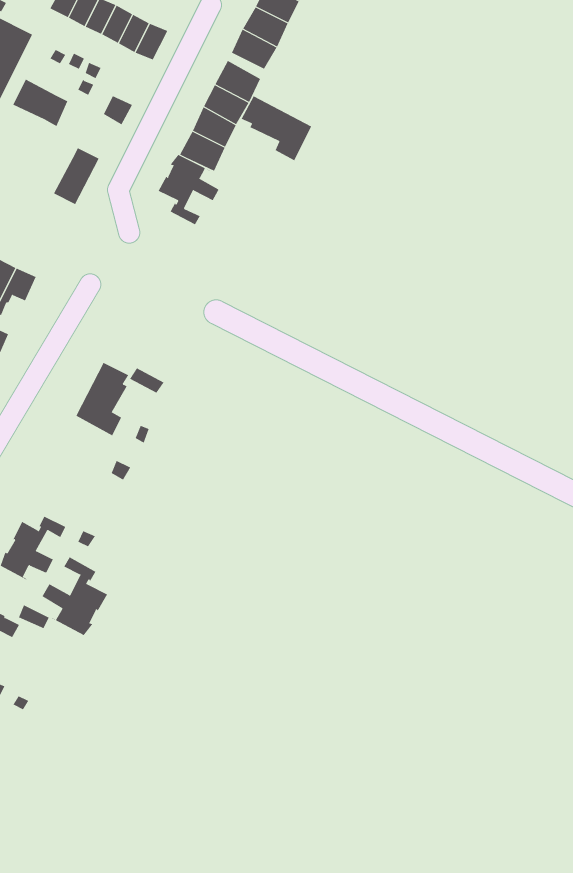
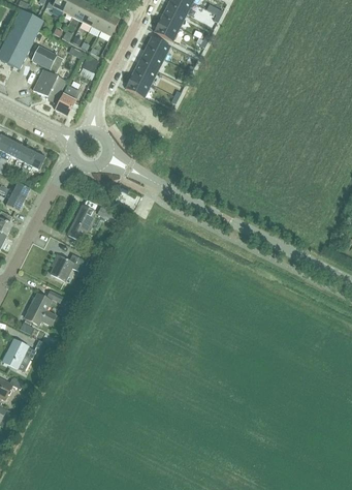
building: [241,96,312,161] -> none
building: none -> [33,68,65,102]
building: [158,154,222,225] -> none
building: none -> [50,253,84,280]
building: [39,556,108,636] -> none

